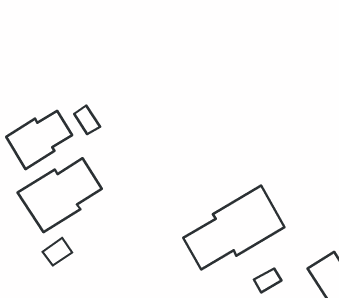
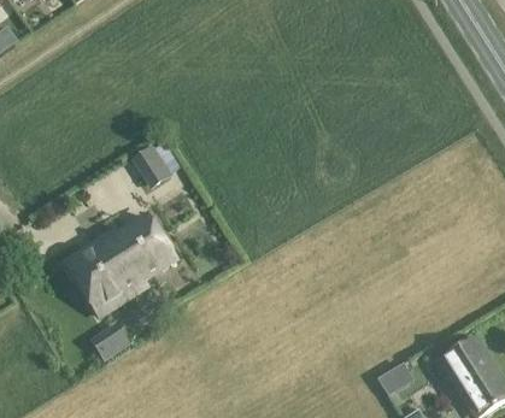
building: [6,111,72,169] -> none
building: [183,186,284,269] -> none

